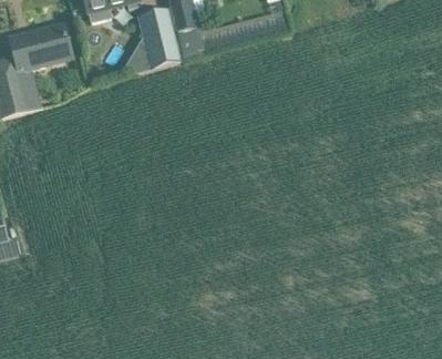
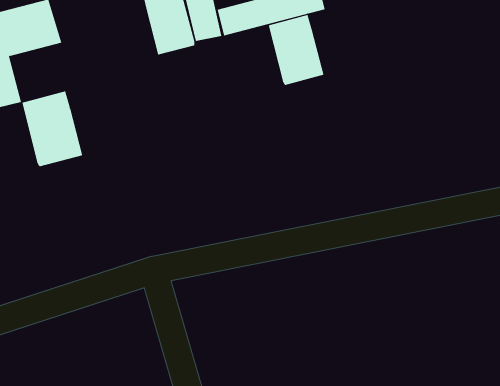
building: none -> [268,14,324,86]
building: none -> [22,91,83,167]

